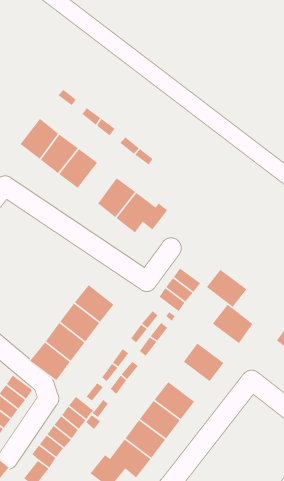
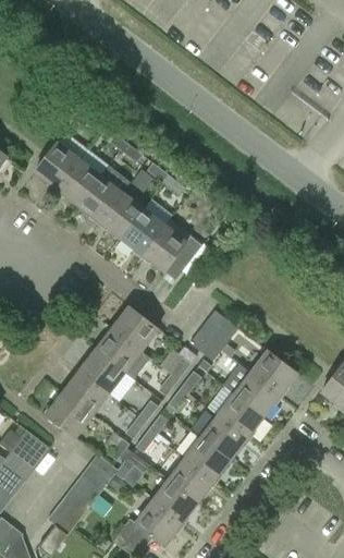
building: none -> [99,192,143,238]
building: none -> [111,306,158,351]
building: [206,269,247,308] -> [233,373,280,416]
building: none -> [200,415,247,460]

